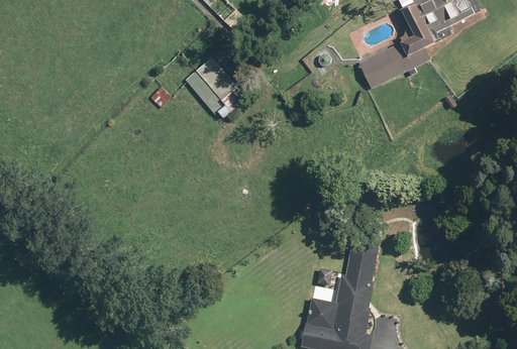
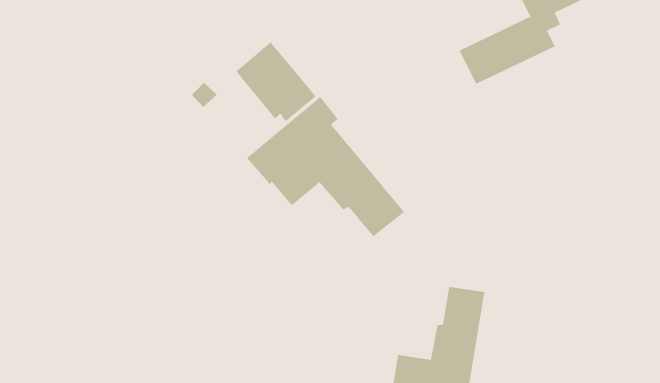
building: none -> [246,96,405,237]

